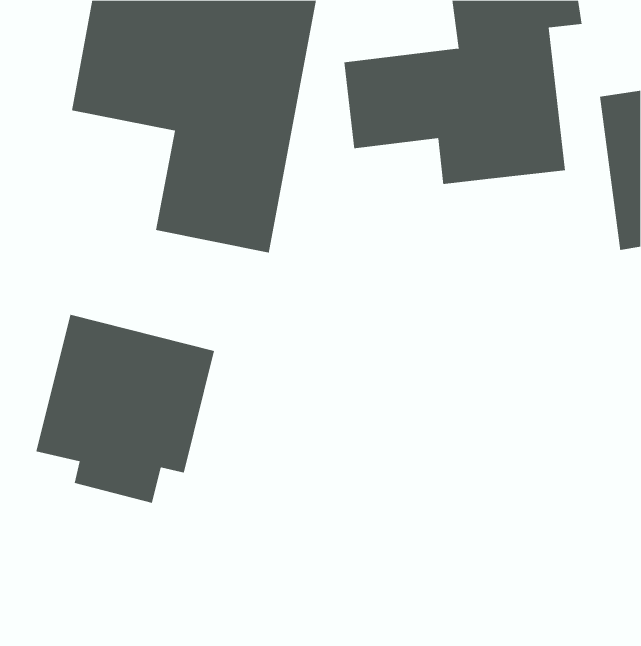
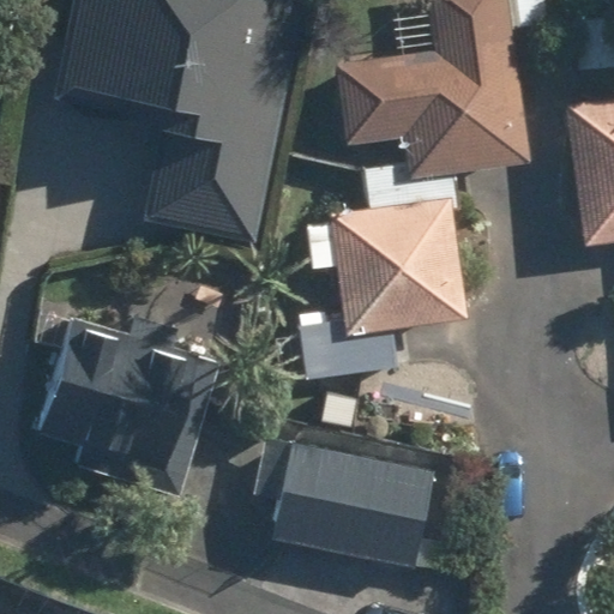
building: none -> [291,173,477,374]
building: none -> [276,441,427,564]

